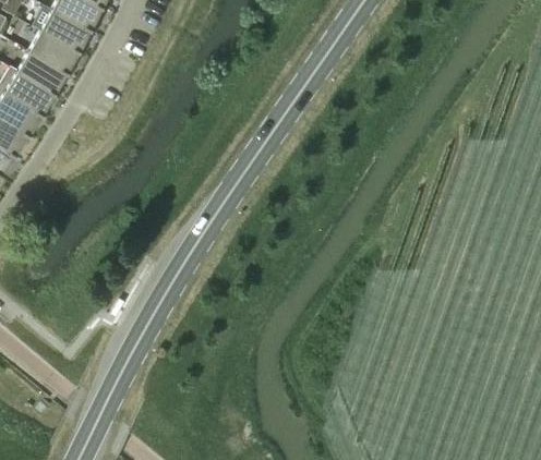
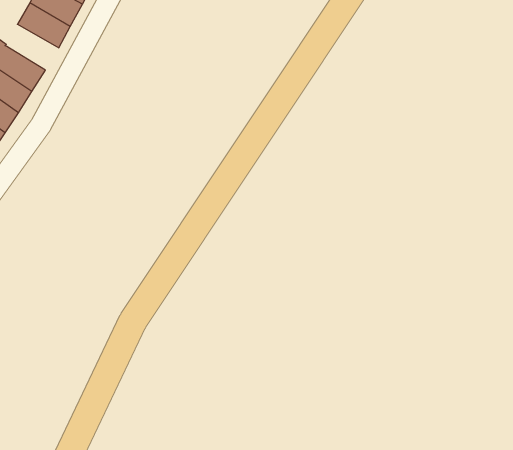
building: [15,45,68,89] -> none

